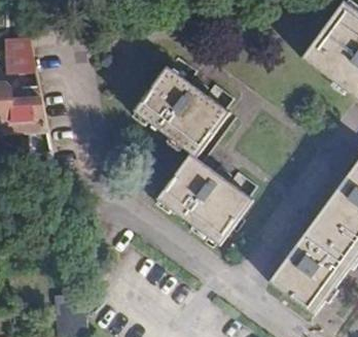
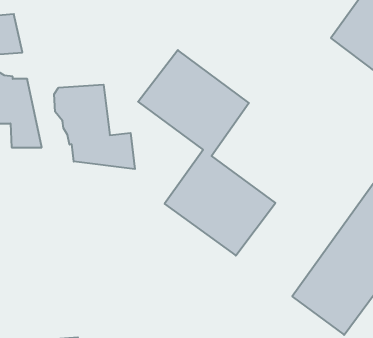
building: none -> [54,85,135,169]

